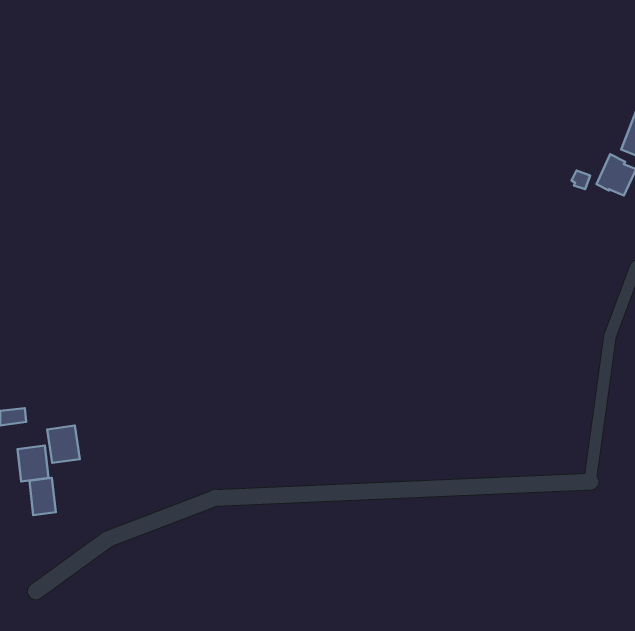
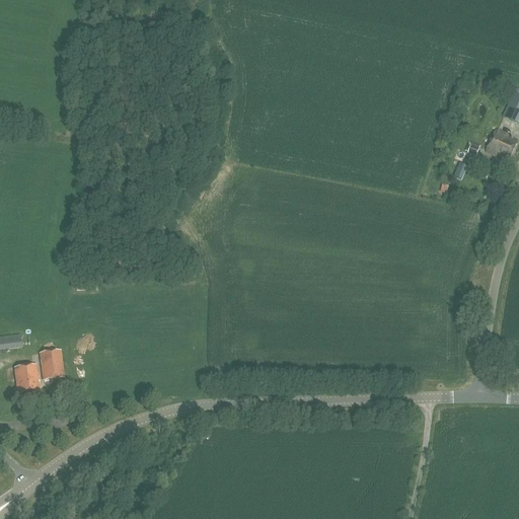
building: [29,478,56,515] -> none

